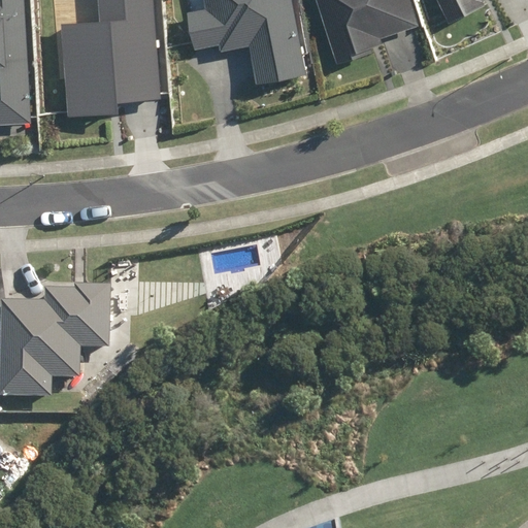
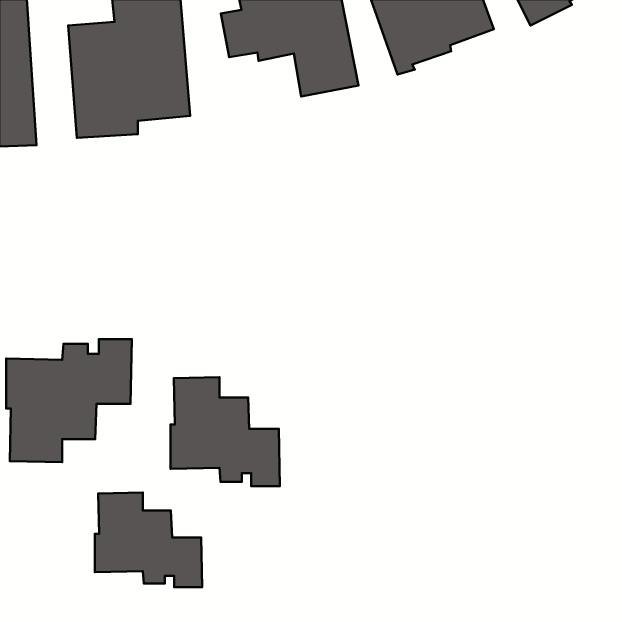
building: none -> [171,377,280,486]
building: none -> [95,493,202,587]

